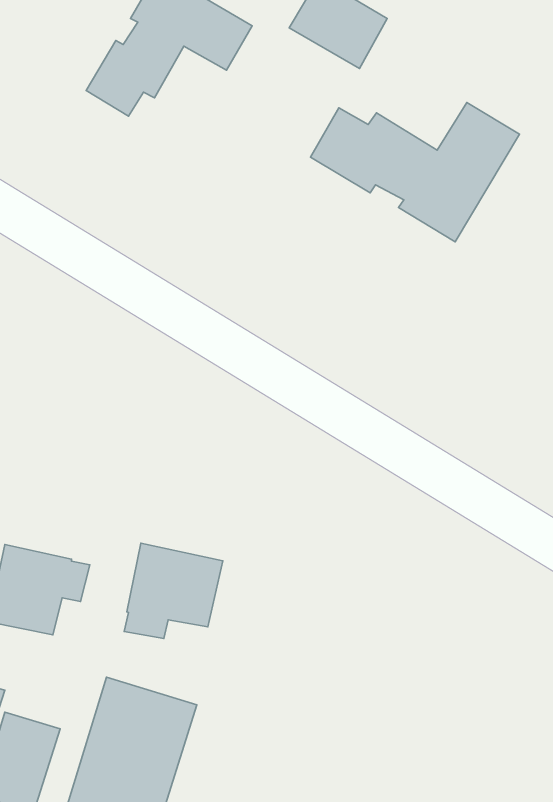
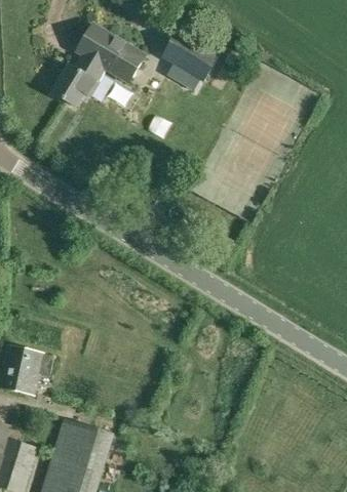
building: [310,103,519,242] -> none
building: [124,543,223,639] -> none

